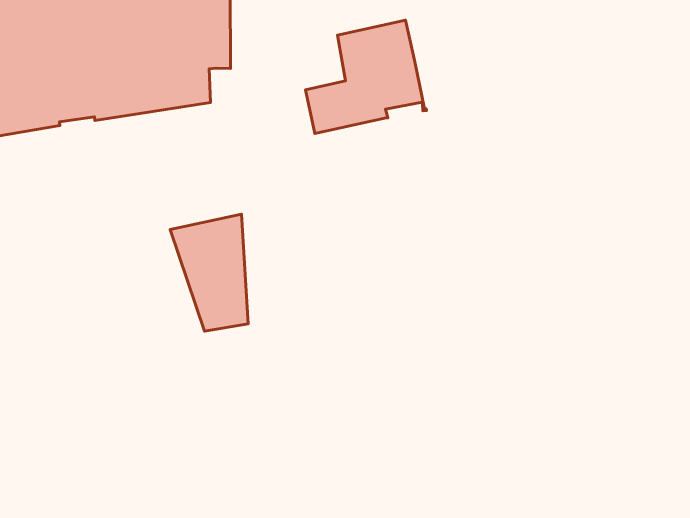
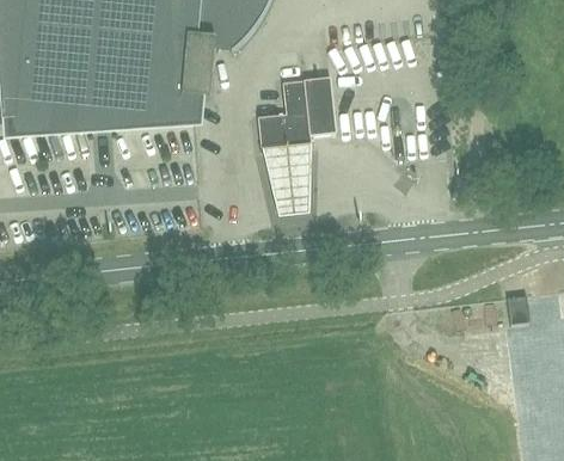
building: [170,214,248,331] -> [260,140,309,216]

